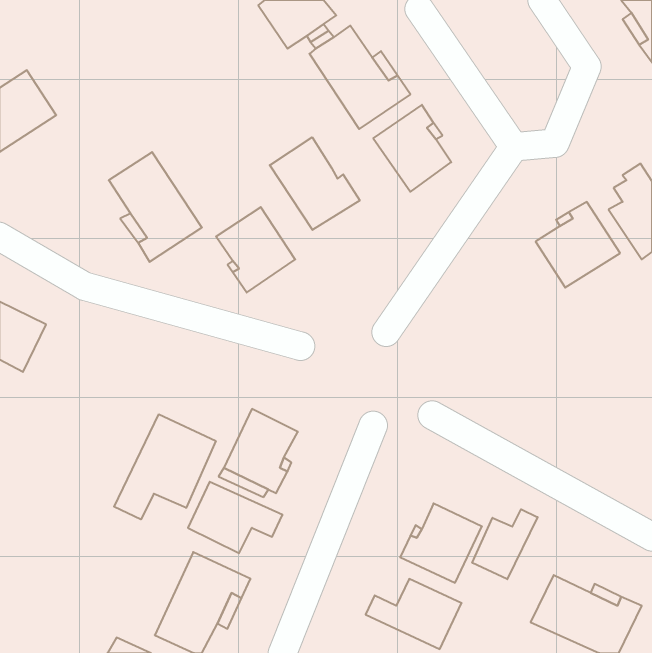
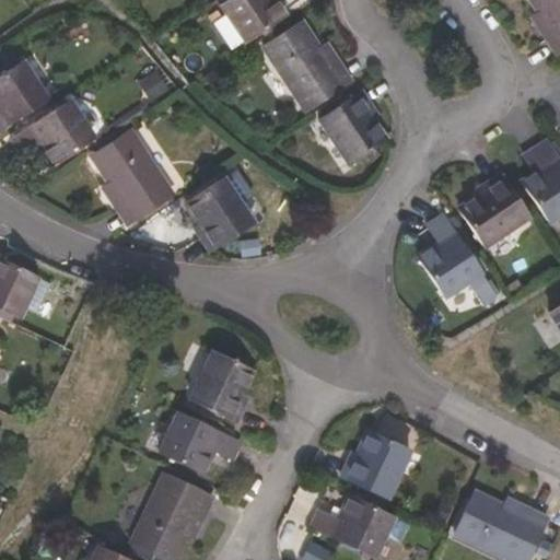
building: none -> [11,100,95,165]
building: [270,137,360,230] -> none
building: none -> [419,214,498,305]
building: [114,414,216,519] -> none
building: [472,509,538,579] -> none

